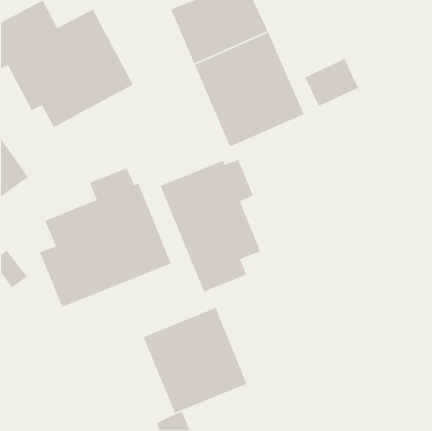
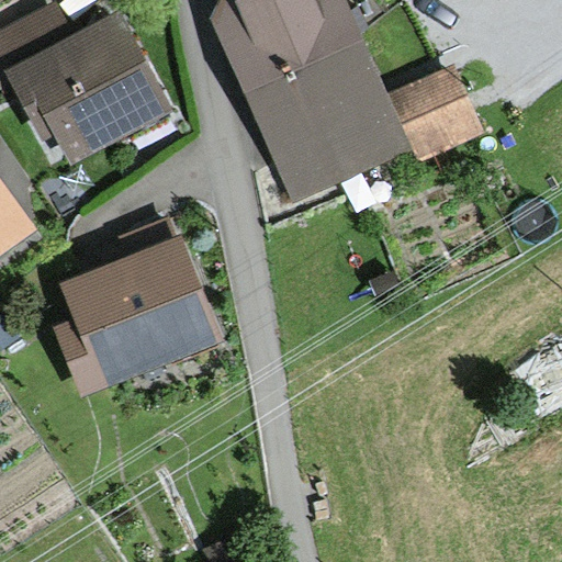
building: [160,159,261,292] -> none
building: [143,307,248,414] -> none

